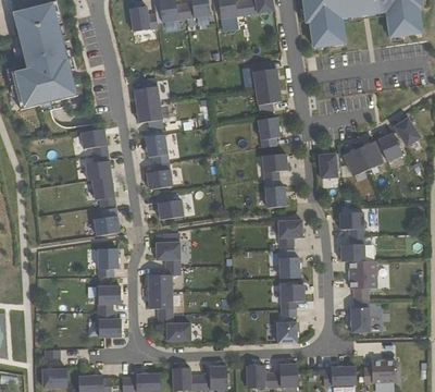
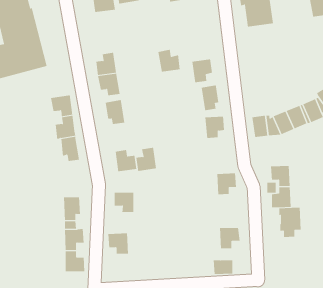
building: [243,62,270,89] -> [158,49,181,72]
building: [147,161,172,189] -> [136,147,157,171]
building: [264,179,286,208] -> none
building: [94,208,120,235] -> none
building: [277,249,298,278] -> none
building: [148,267,179,292] -> none
building: [350,299,370,328] -> none
building: [158,316,190,340] -> none

